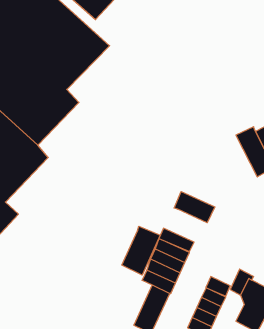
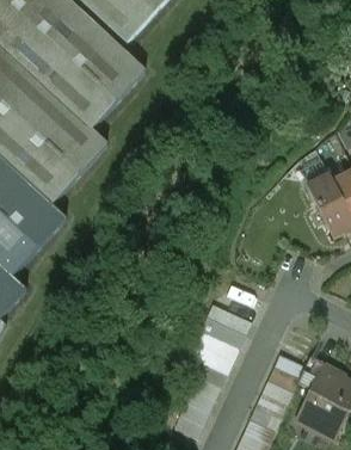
building: [174,192,215,223] -> none
building: [122,226,160,275] -> none

